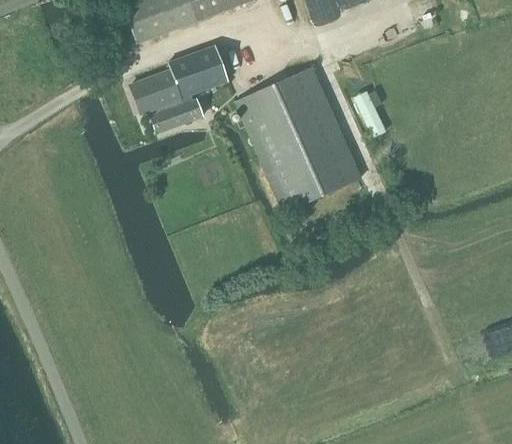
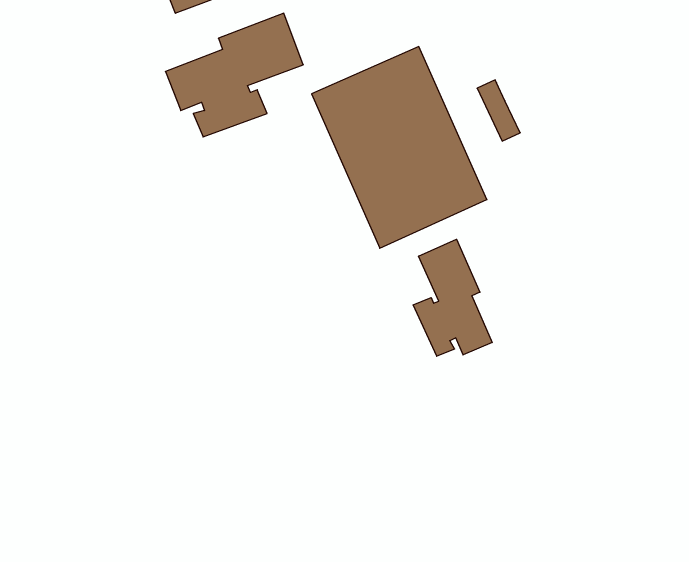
building: none -> [413,239,492,356]

